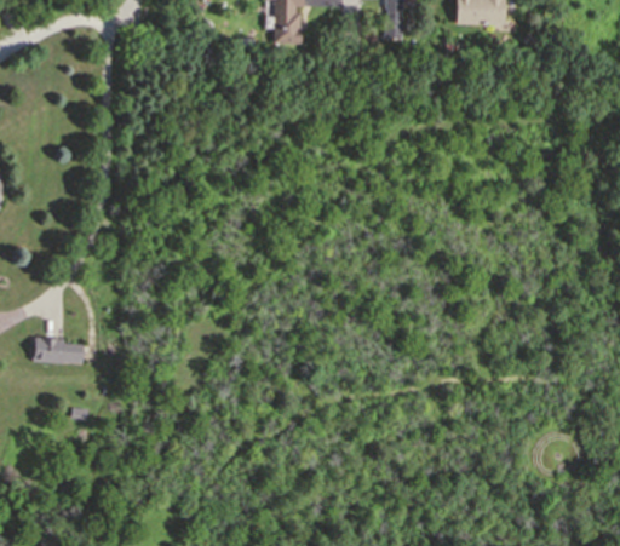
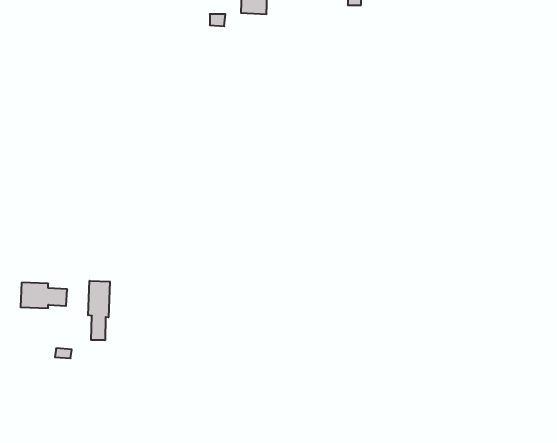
building: none -> [88,281,110,340]

